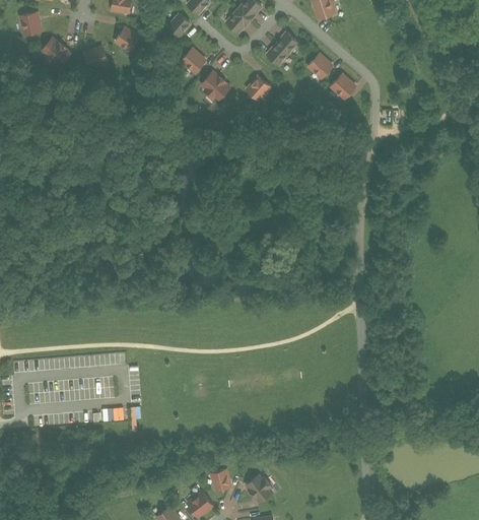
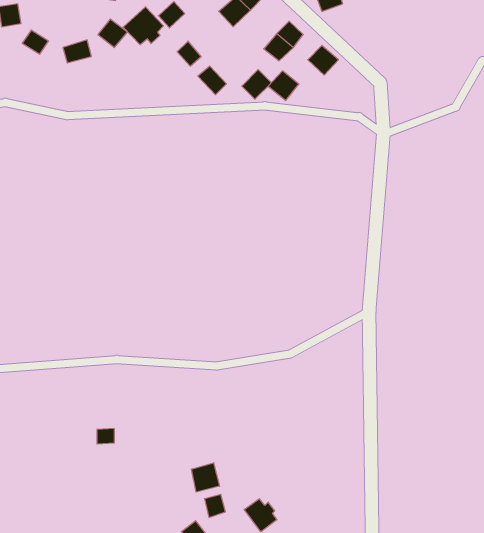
building: none -> [123,7,163,45]
building: [328,73,356,101] -> [268,71,299,100]
building: none -> [191,463,220,492]

